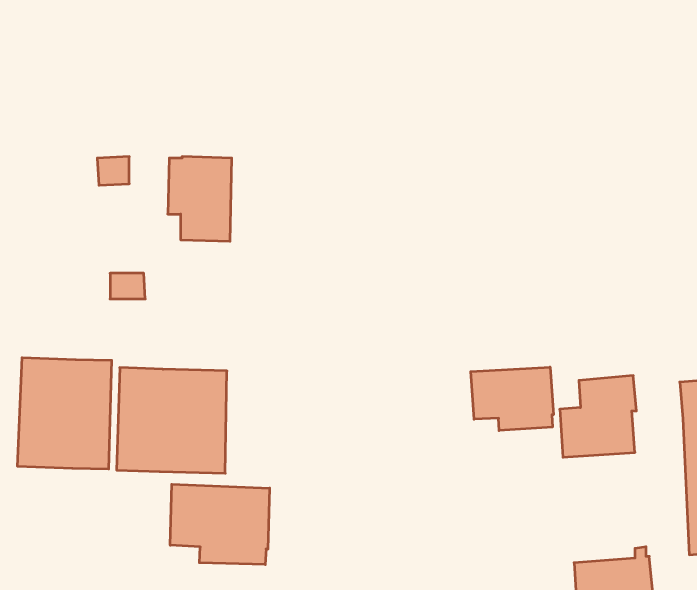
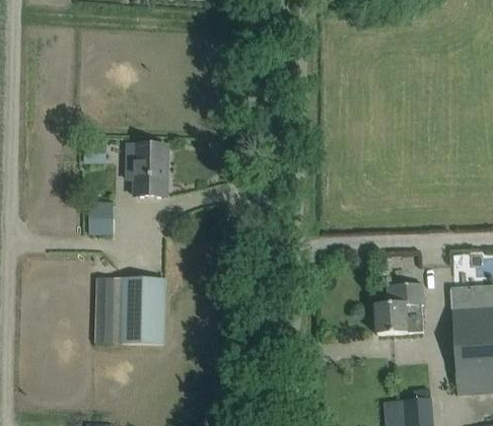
building: [18,358,112,469] -> none
building: [471,367,553,431] -> none
building: [170,484,270,565] -> none

